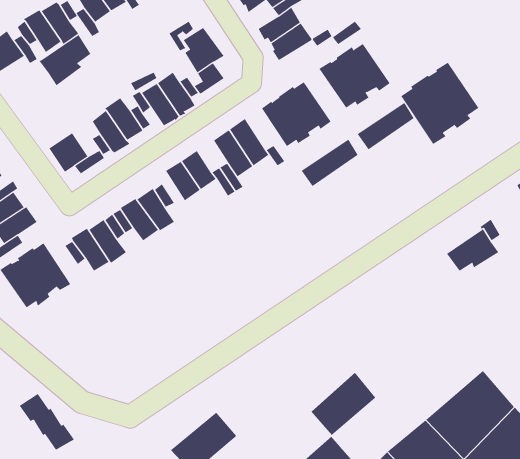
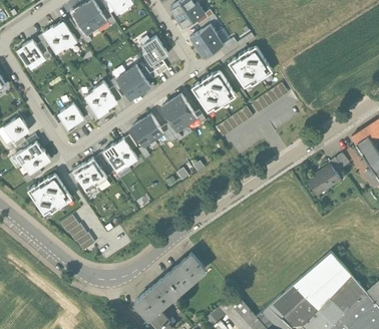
building: [39,34,91,86] -> none
building: [401,62,479,145] -> none
building: [311,372,376,436] -> [163,254,205,294]
building: [19,393,75,451] -> [60,215,95,251]

